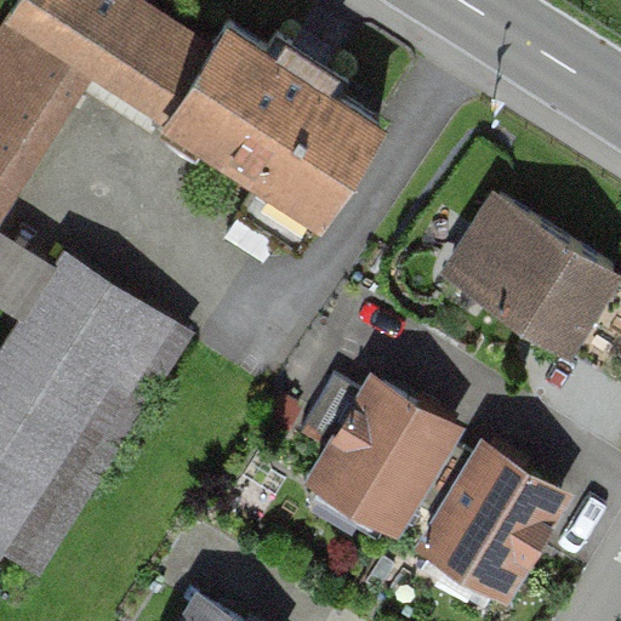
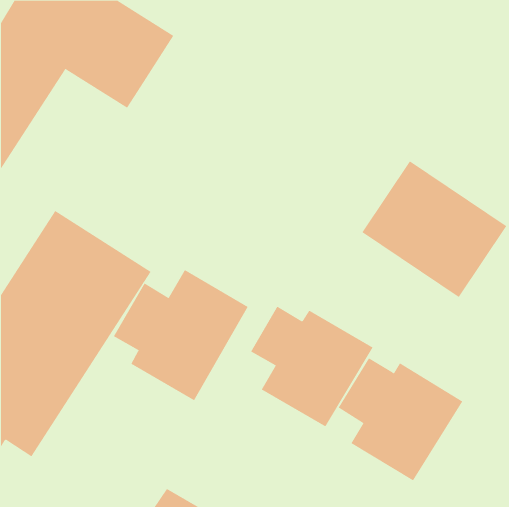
building: [169,22,382,261] -> none
building: none -> [113,269,249,401]

